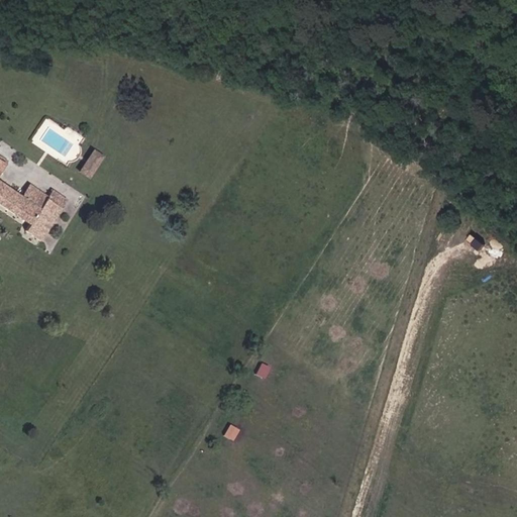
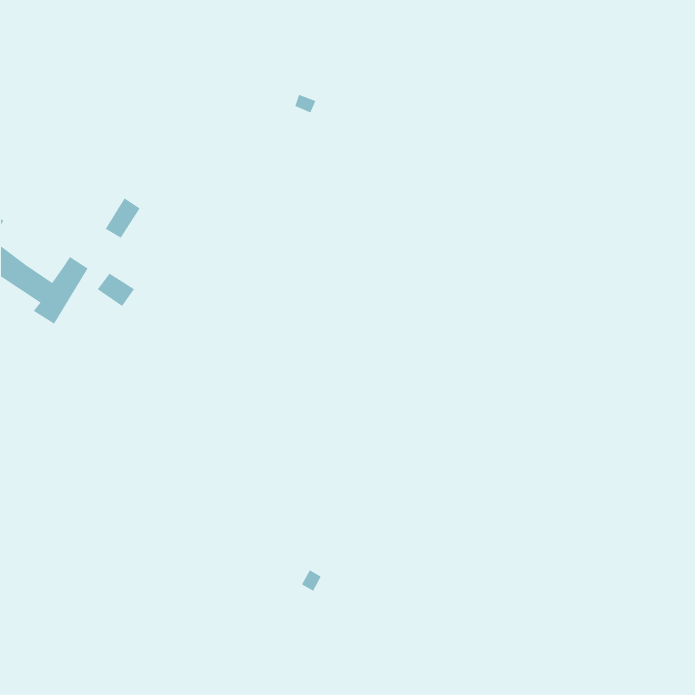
building: [20,184,48,209] -> [97,273,135,307]

